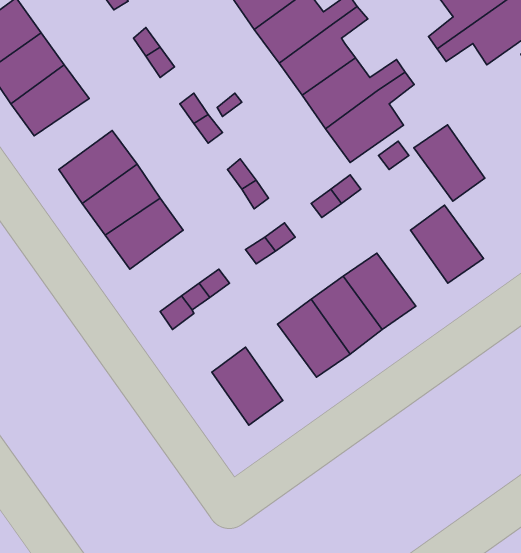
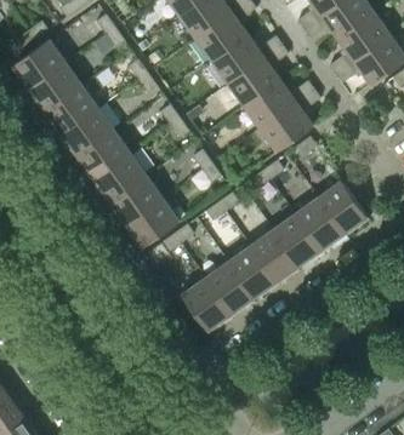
building: none -> [61,108,114,156]
building: [414,125,485,201] -> [295,198,343,250]
building: none -> [126,198,180,247]
building: none -> [205,262,254,314]

